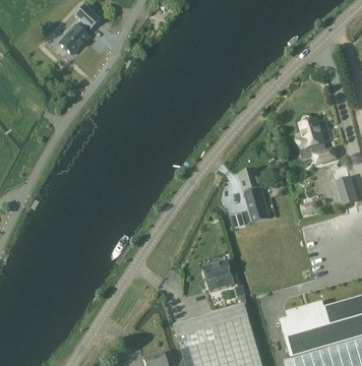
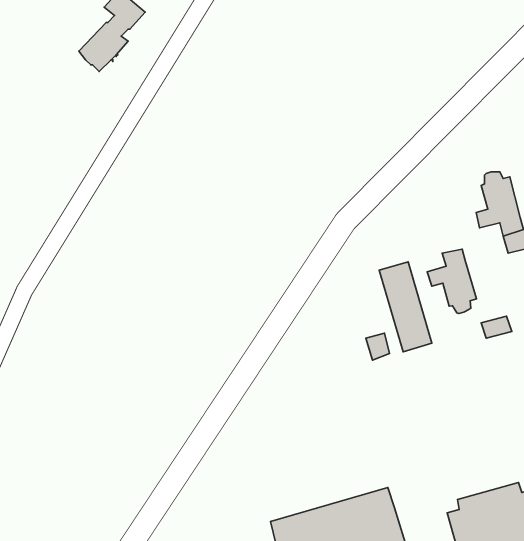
building: none -> [427,249,477,313]
building: [203,262,234,292] -> none

